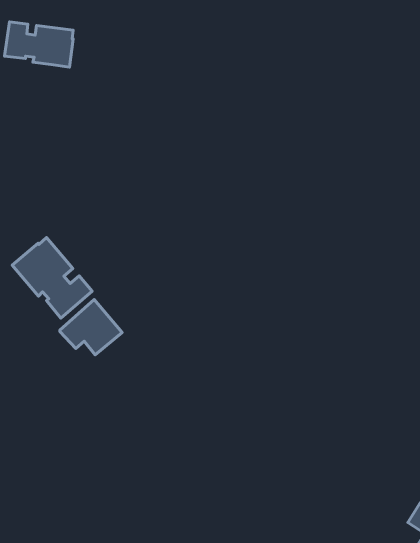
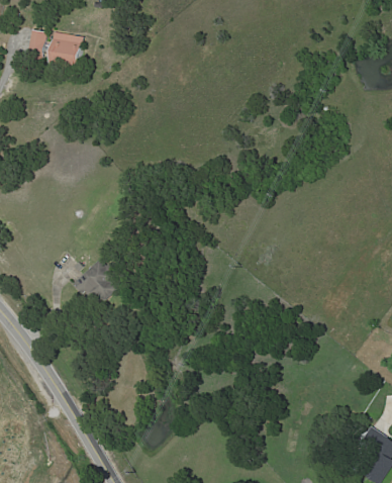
building: [12,238,92,318] -> none

